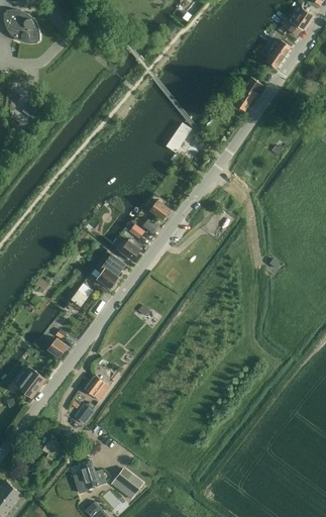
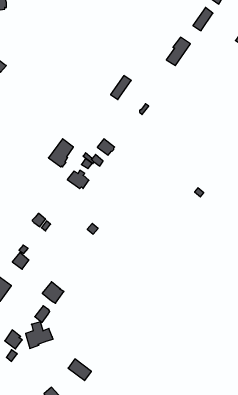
building: [94,254,124,289] -> [48,139,73,167]
building: [73,461,106,494] -> [26,322,53,348]

